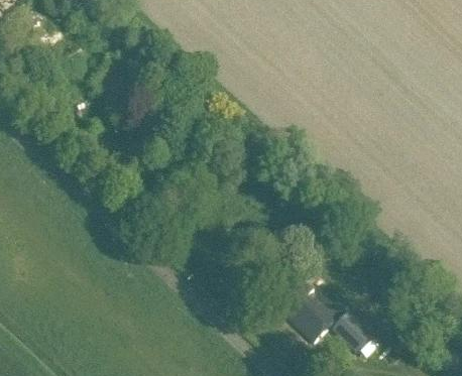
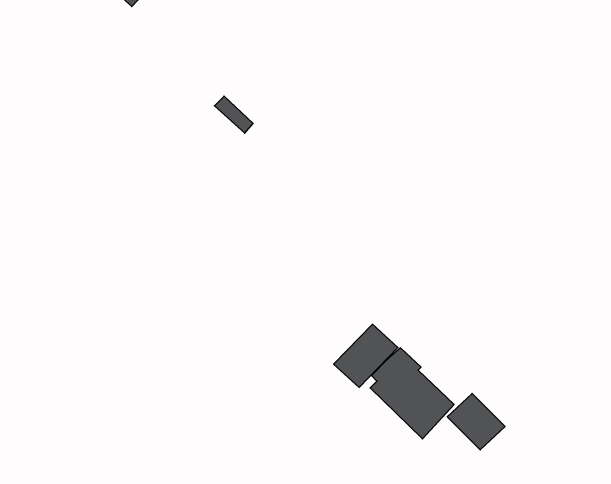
building: none -> [334,324,398,387]

